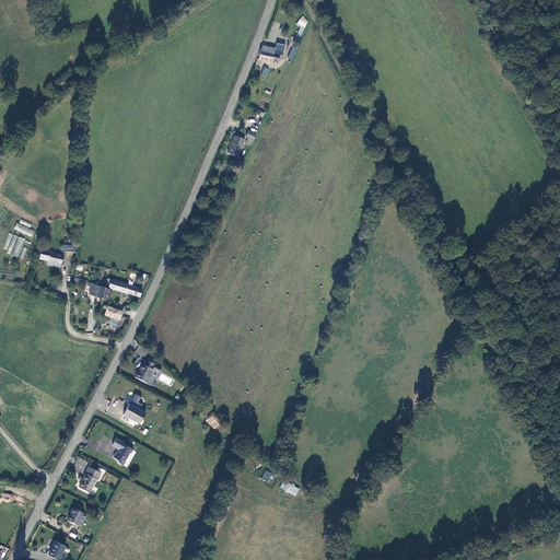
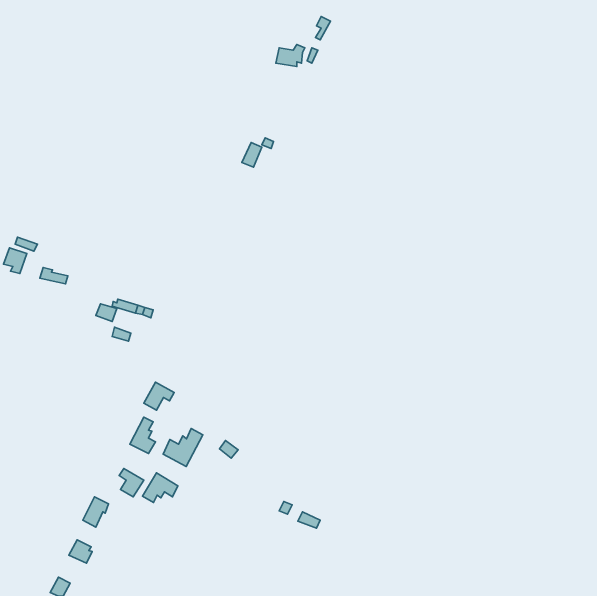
building: none -> [163,429,203,467]
building: none -> [143,473,178,503]

